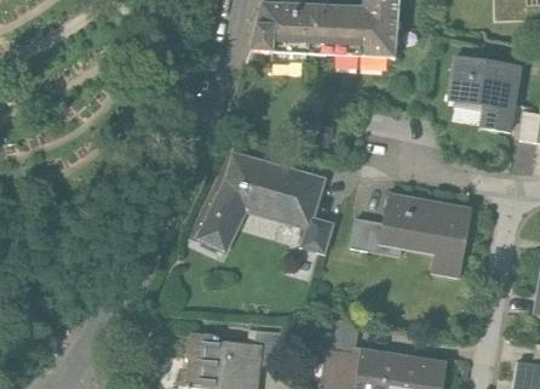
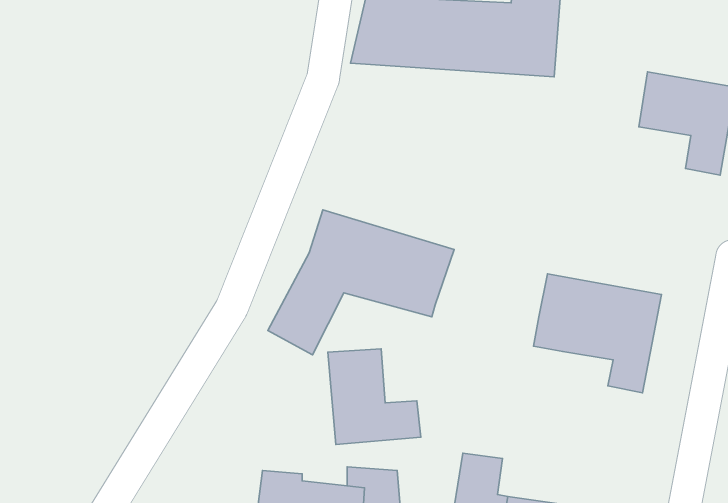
building: [300,219,332,256] -> none
building: [350,223,400,261] -> none
building: none -> [328,349,421,444]

